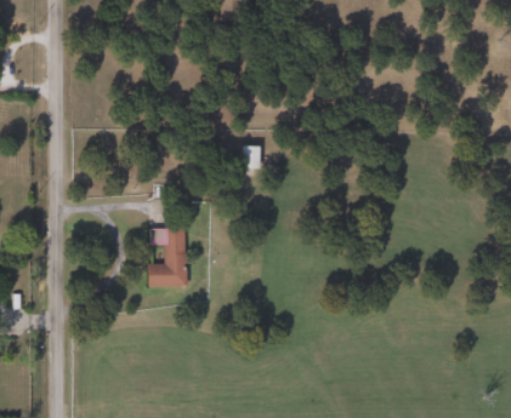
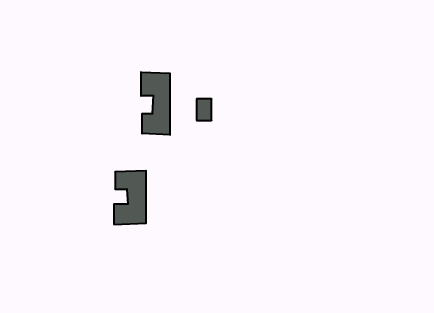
building: none -> [141,72,170,135]

